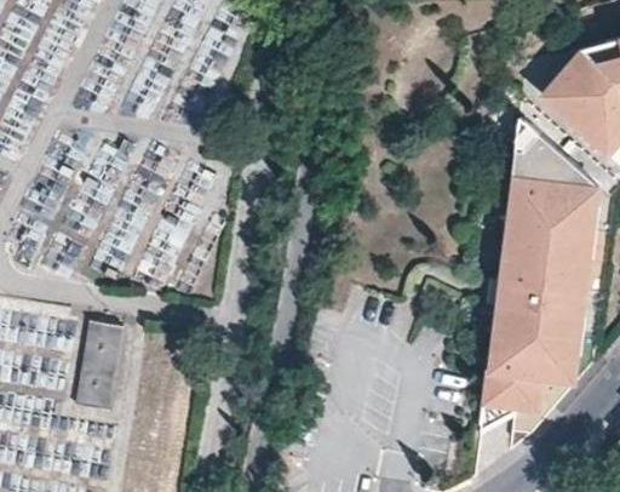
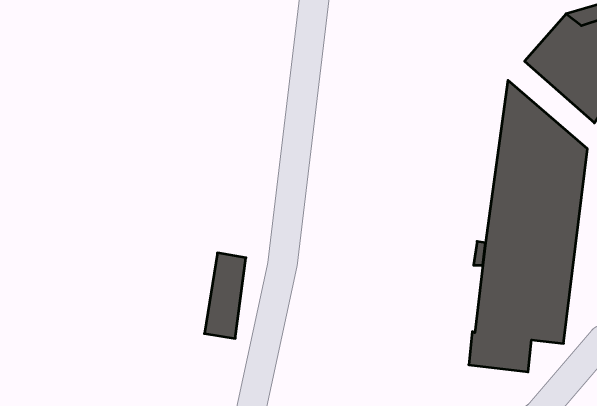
building: [75,322,117,410] -> [204,253,246,338]

